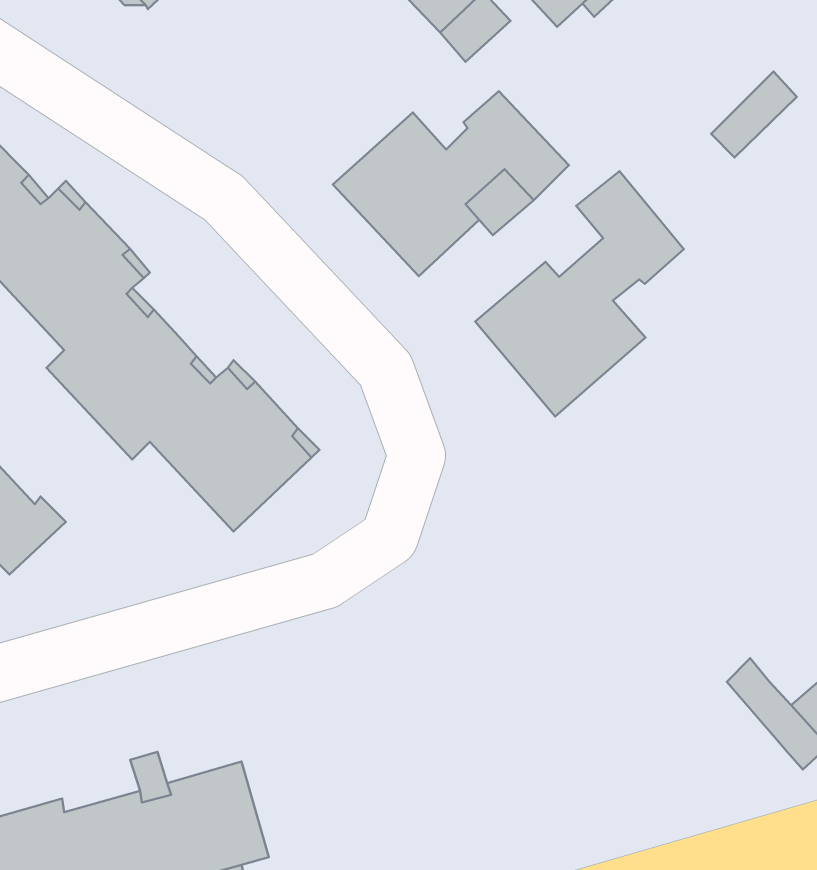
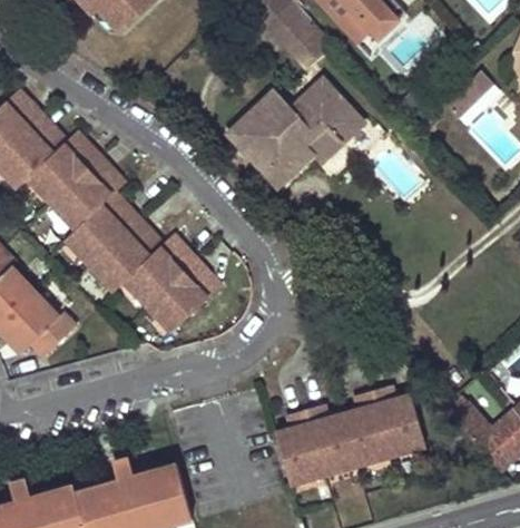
building: [475,171,684,417] -> none
building: none -> [275,384,425,482]

